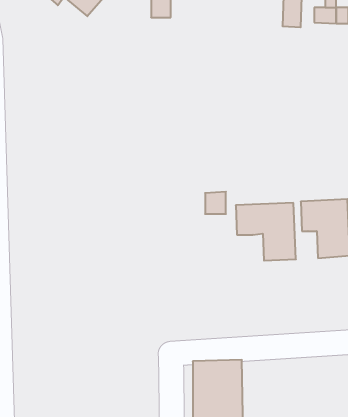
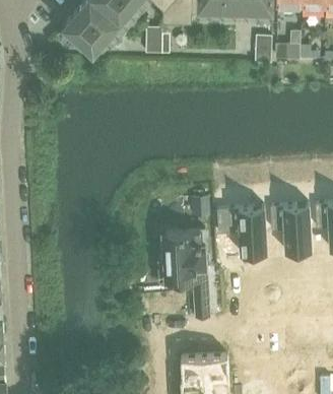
building: none -> [156,231,218,320]

